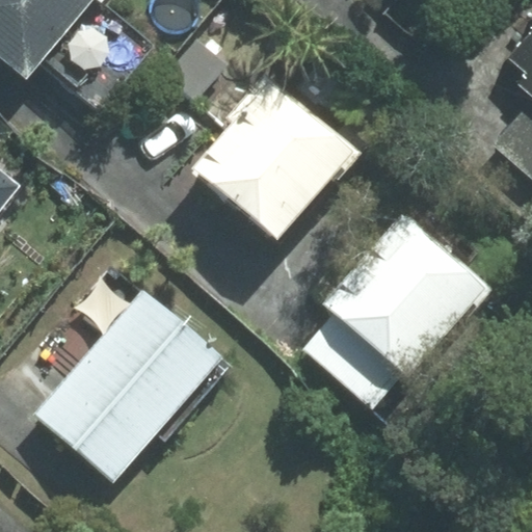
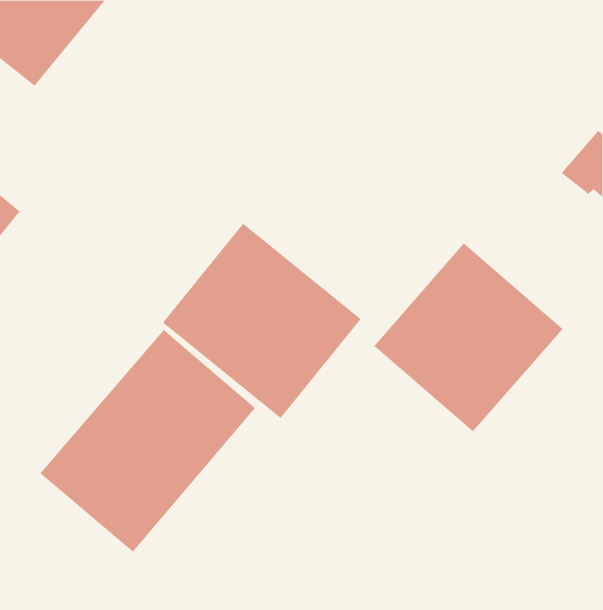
building: [194,74,357,239] -> none
building: none -> [162,223,361,419]

